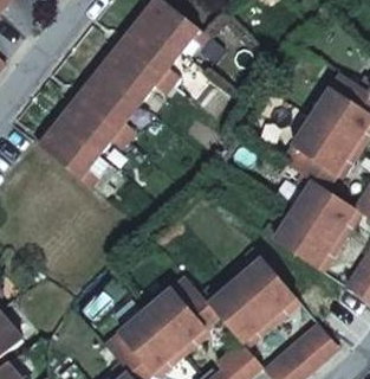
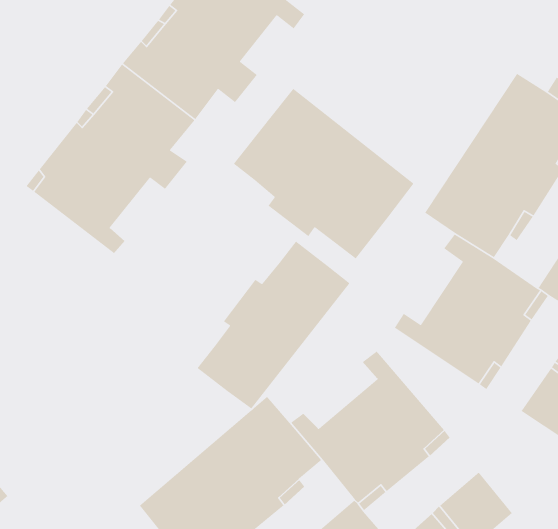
building: none -> [233,88,414,259]
building: none -> [197,240,351,410]

